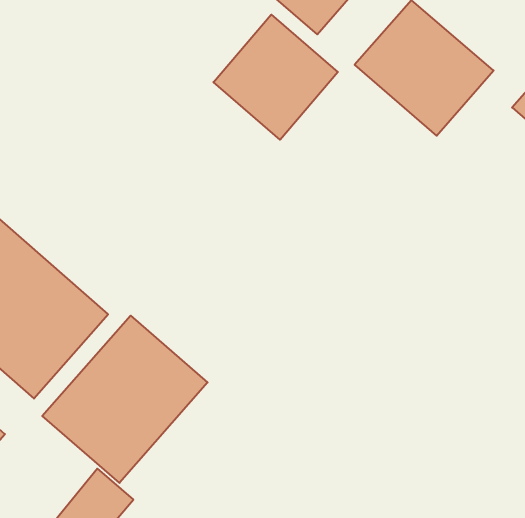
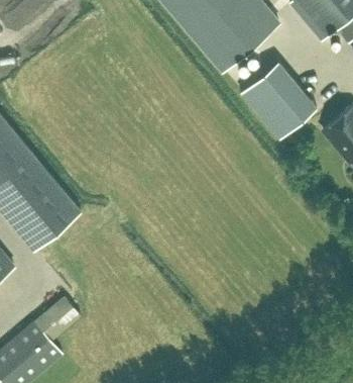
building: [213,15,338,140] -> none
building: [42,316,208,483] -> none

